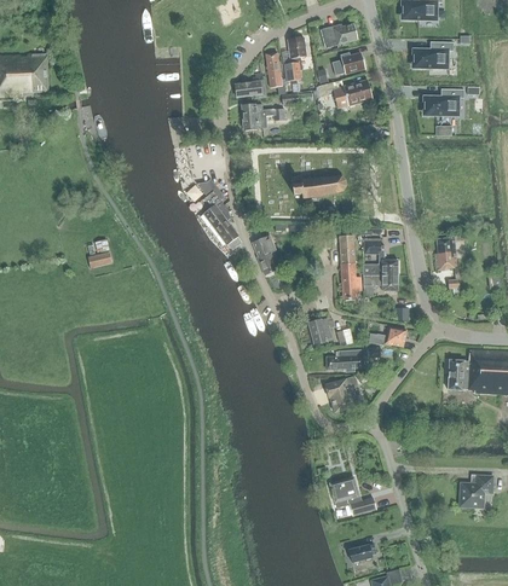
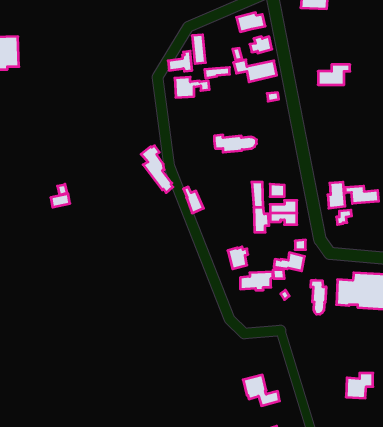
building: [284,36,305,80] -> none
building: [412,41,452,66] -> none
building: none -> [345,186,379,204]
building: none -> [311,280,326,314]
building: [325,376,363,411] -> none

